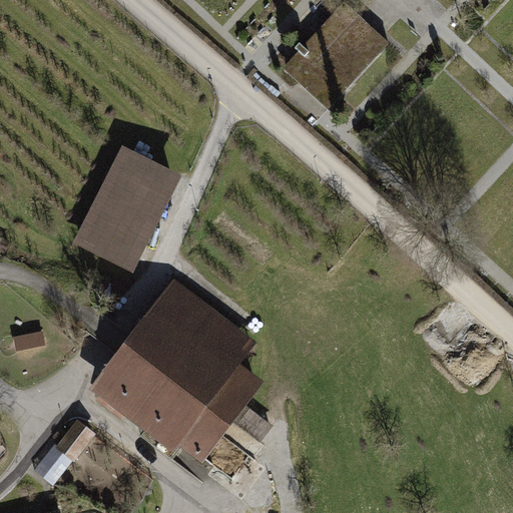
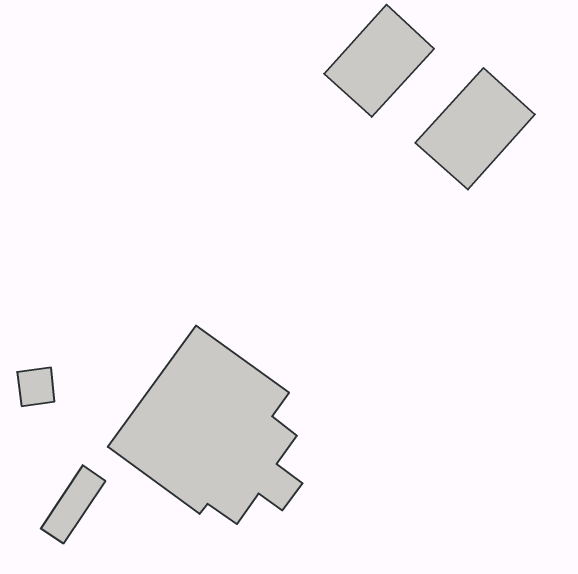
building: none -> [415,68,535,190]
building: [68,143,179,271] -> none

